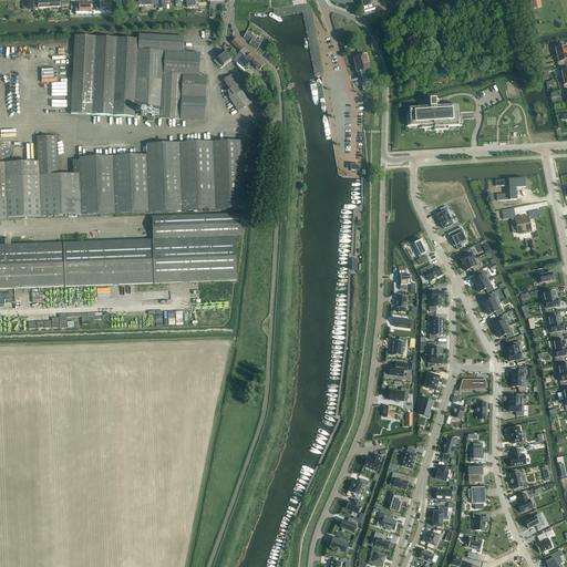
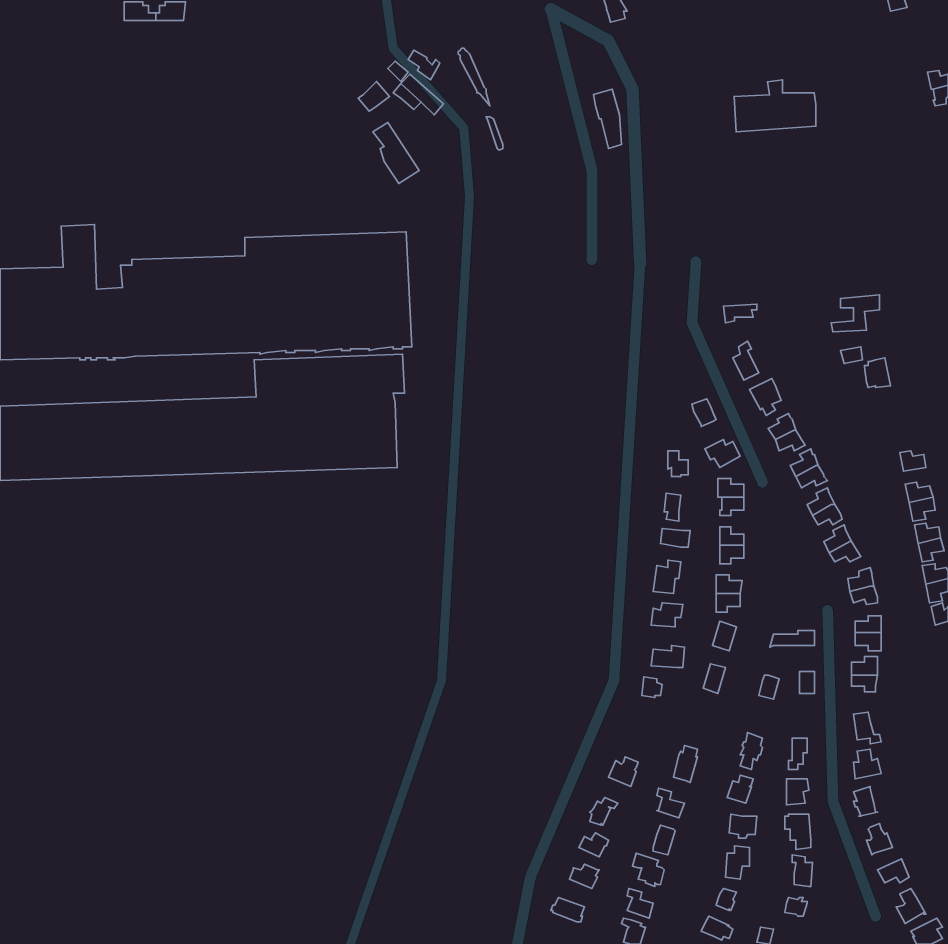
building: [71,32,207,120] -> none
building: [410,96,458,127] -> [734,80,816,132]

